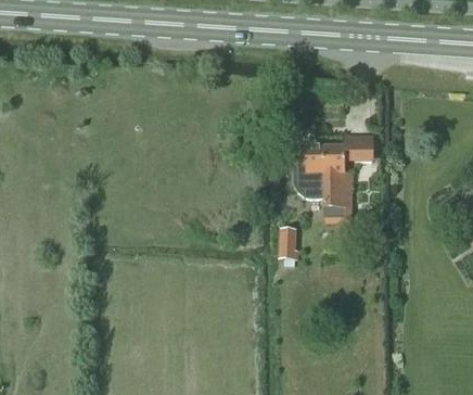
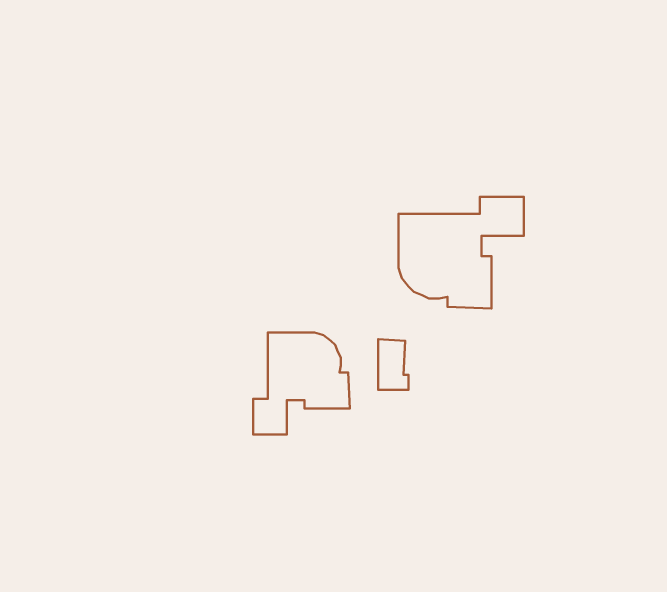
building: none -> [253,333,350,435]

